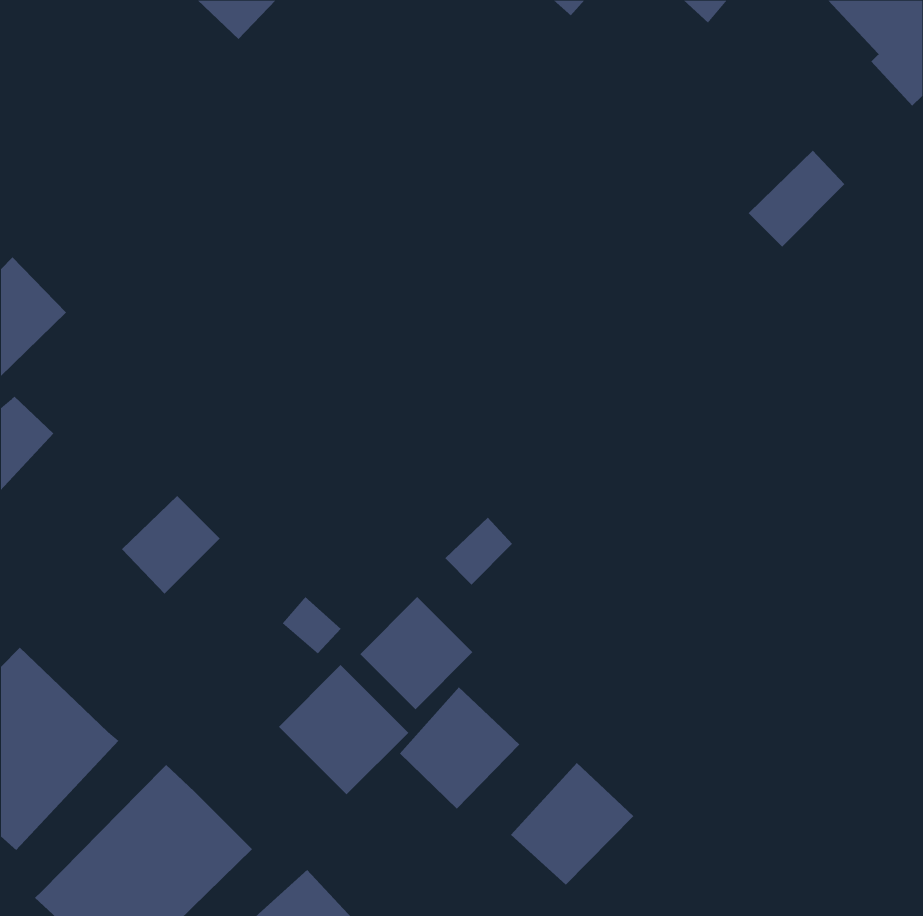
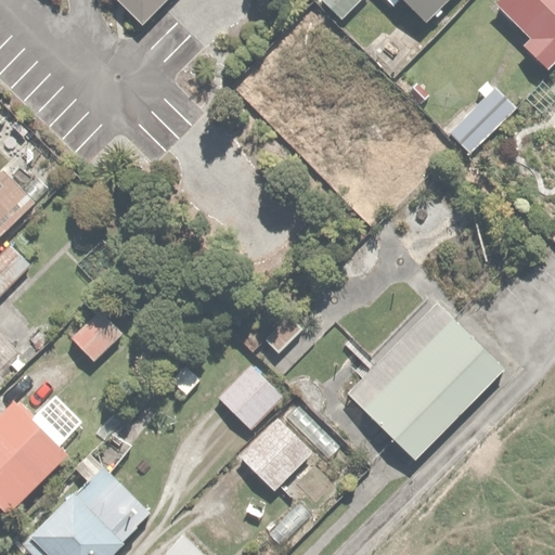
building: none -> [349,308,496,453]
building: [278,664,409,795] -> none
building: [510,762,634,885] -> none

